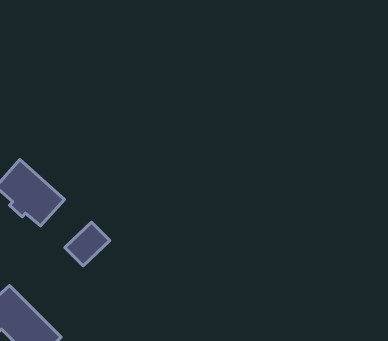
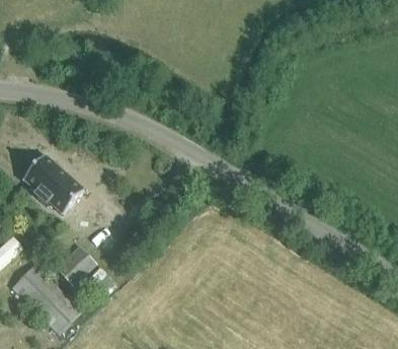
building: [65,222,110,266] -> [57,248,96,286]

